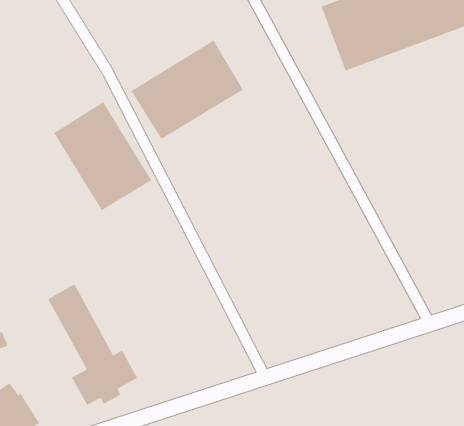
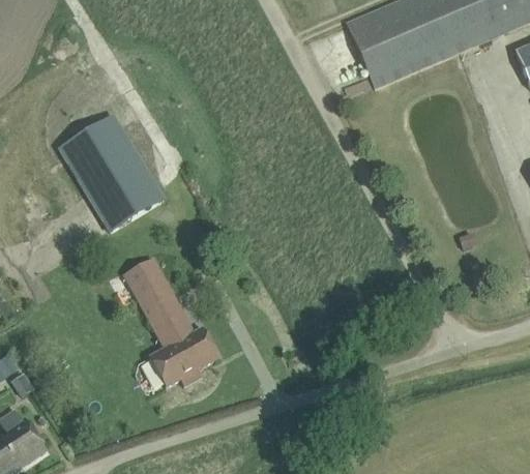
building: [131,40,244,140] -> none
building: [47,283,138,406] -> [125,260,220,388]

